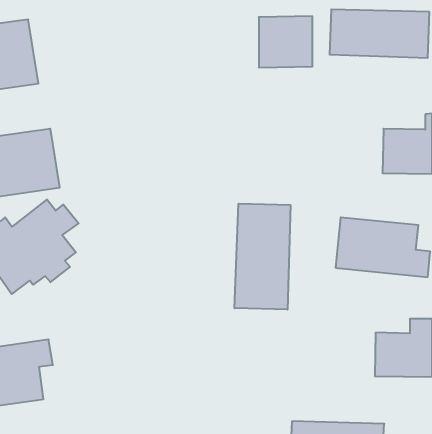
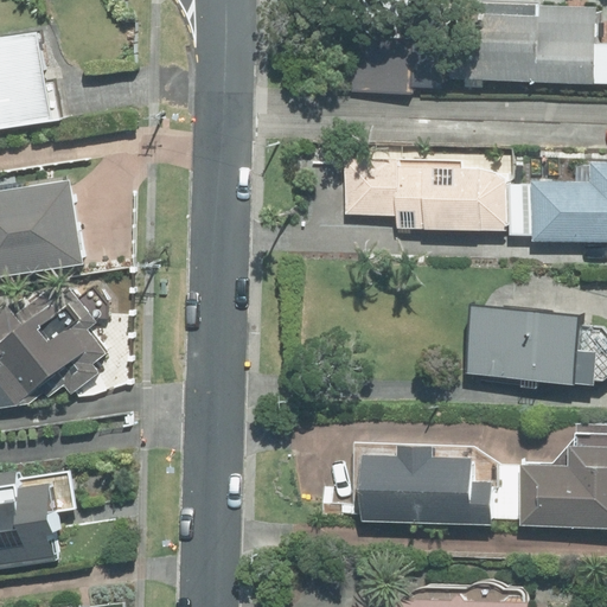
building: none -> [341,156,506,232]
building: [235,204,290,310] -> none
building: none -> [360,446,491,525]

